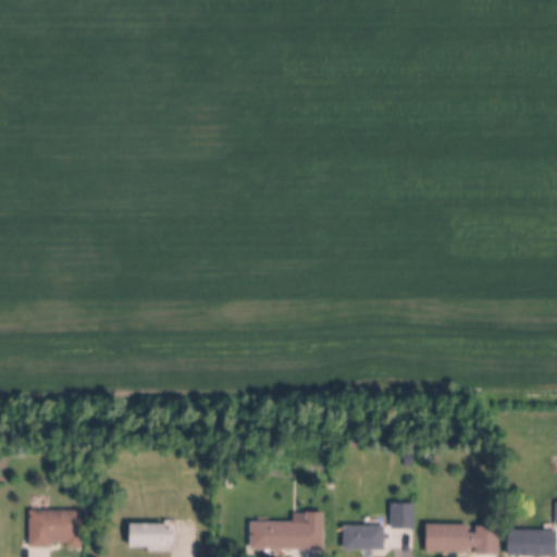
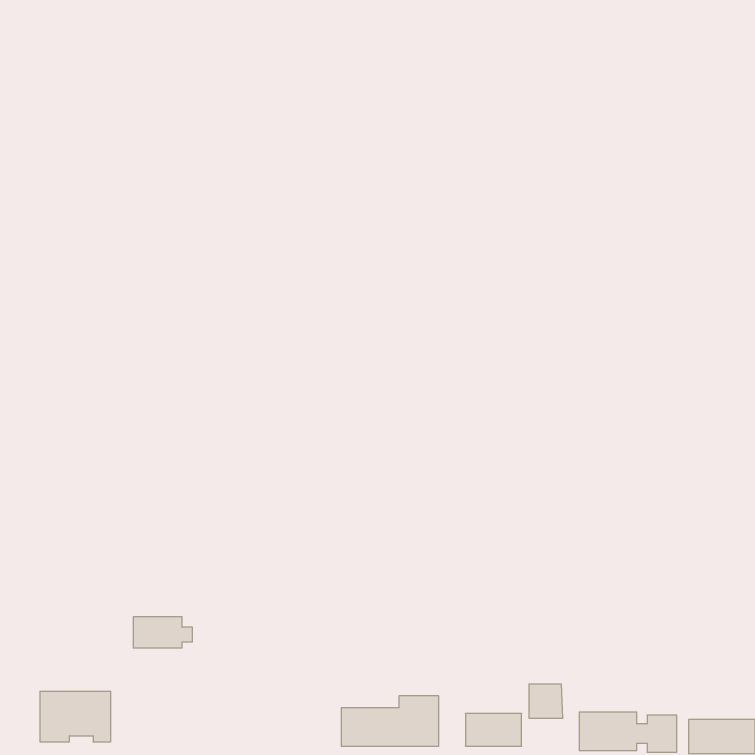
building: [131,523,174,546] -> [133,617,192,648]

